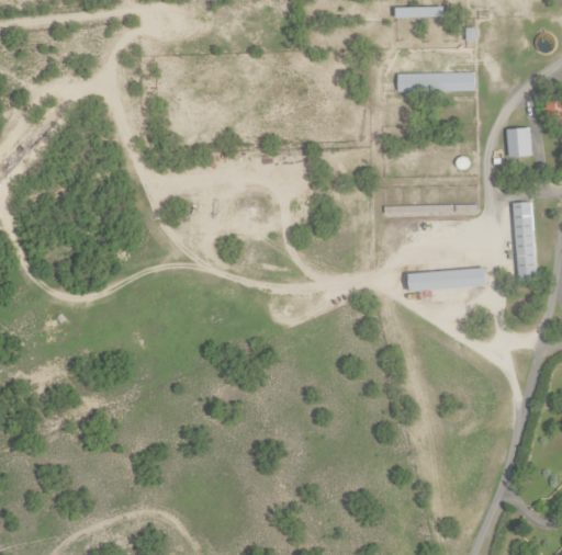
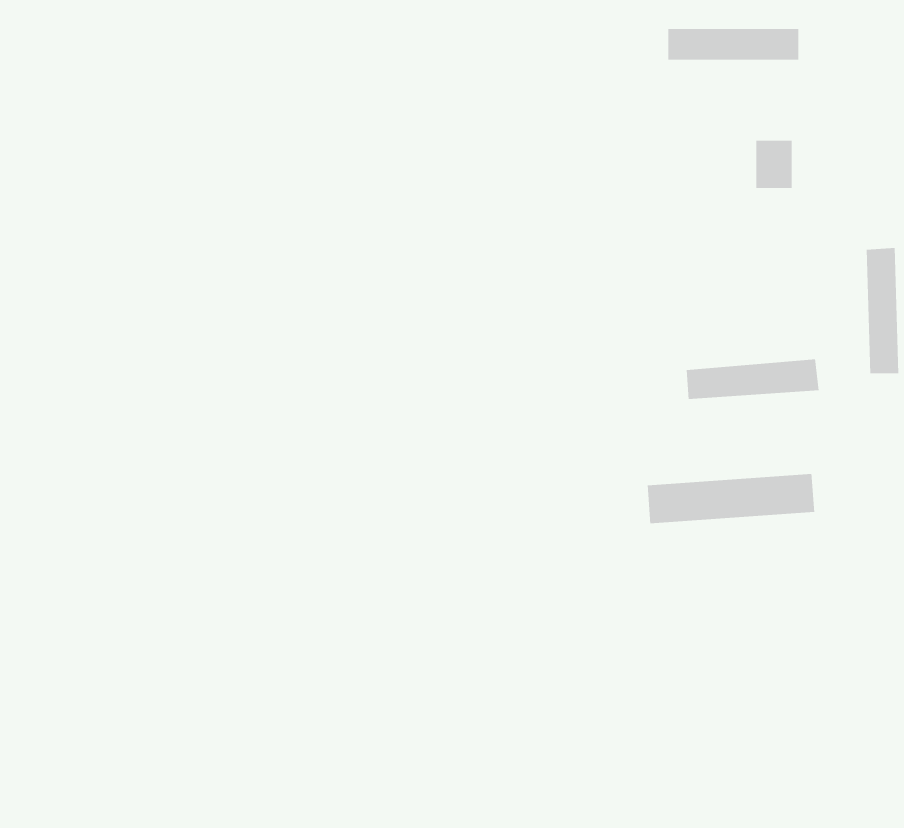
building: [507,128,529,157] -> [755,140,793,188]
building: none -> [647,473,815,524]

